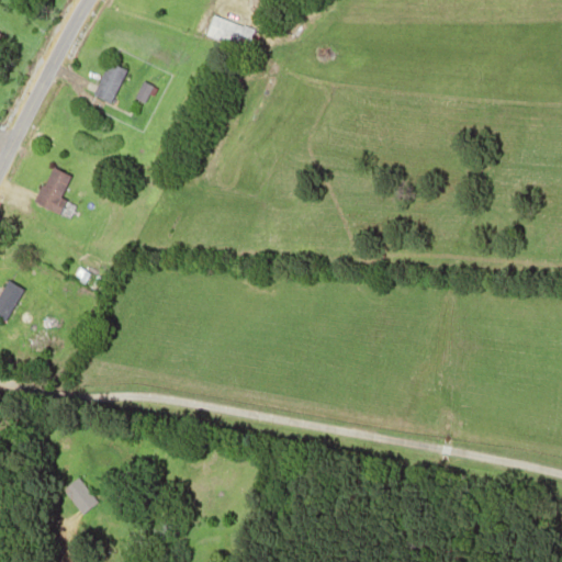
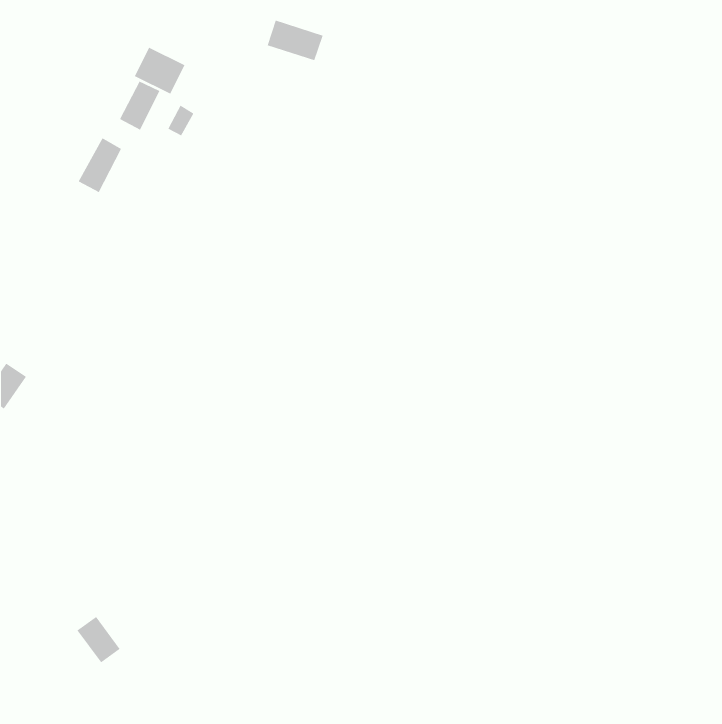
building: none -> [134,47,185,94]
building: [35,168,69,211] -> [78,138,122,193]

